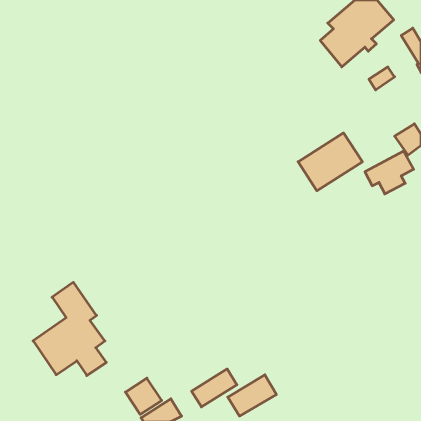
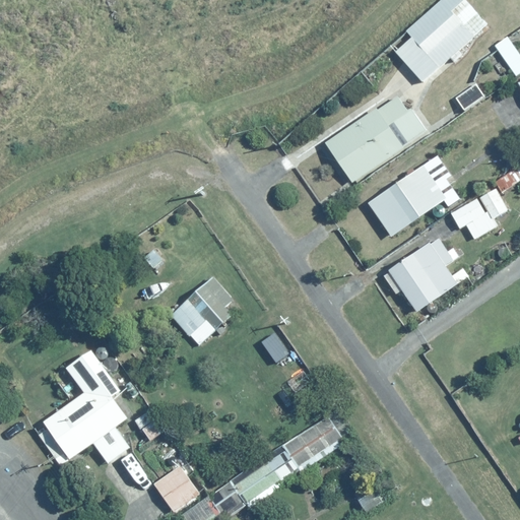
building: none -> [323,93,428,182]
building: none -> [382,237,468,312]
building: none -> [169,275,243,347]
building: [228,375,276,416] -> [285,417,345,468]

